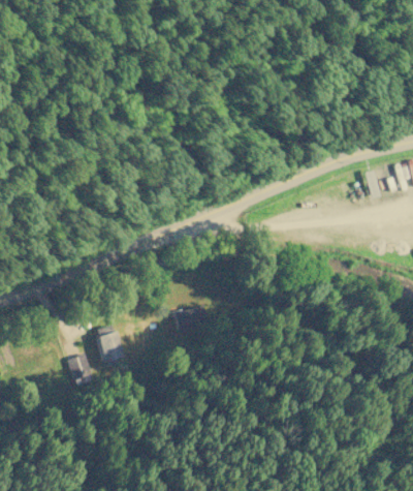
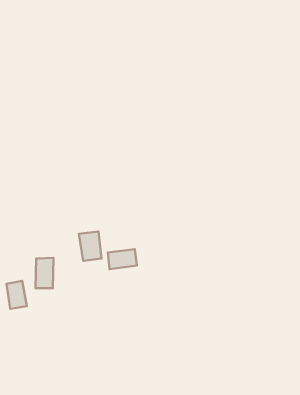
building: none -> [79,231,102,261]

